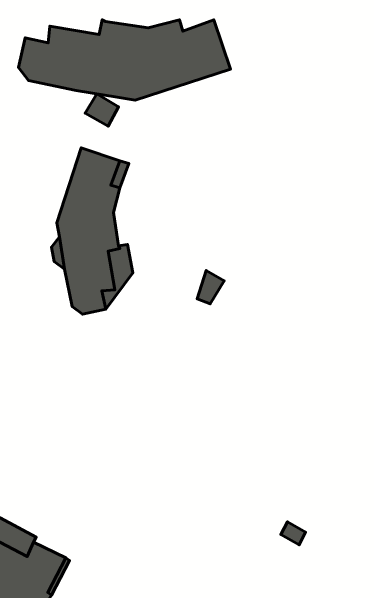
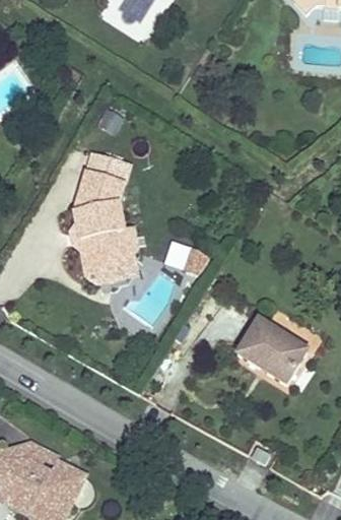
building: [19,20,230,100] -> none
building: none -> [236,319,306,383]

